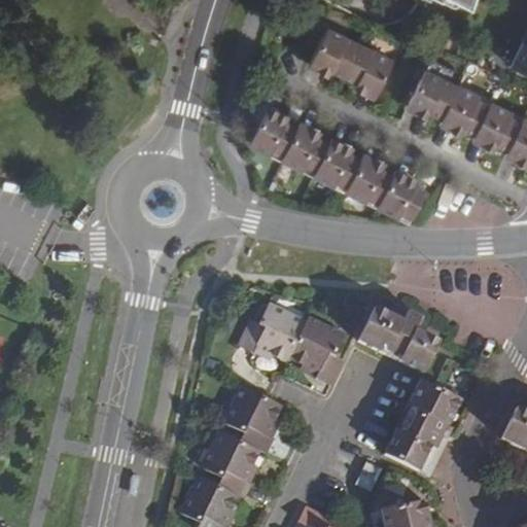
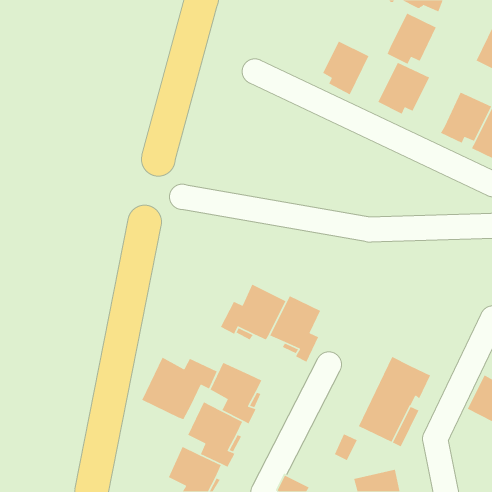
building: [308,27,362,80] -> none
building: [438,82,492,138] -> [387,13,437,65]
building: [248,103,425,219] -> none
building: [356,310,437,373] -> none
building: none -> [141,357,218,420]

